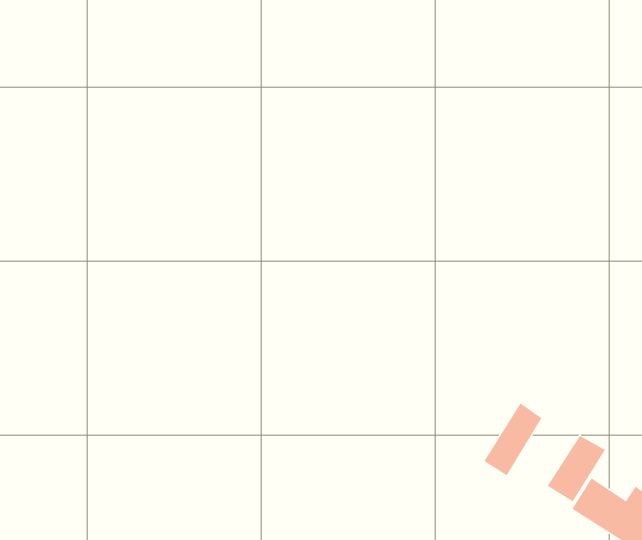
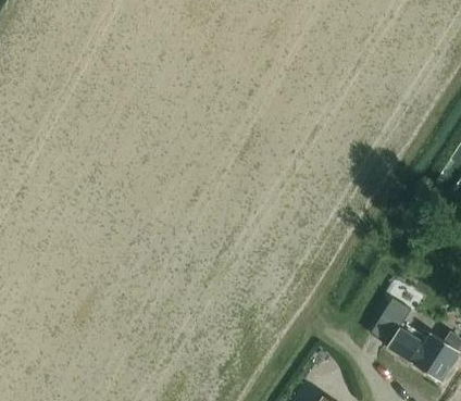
building: [484,402,542,476] -> none

